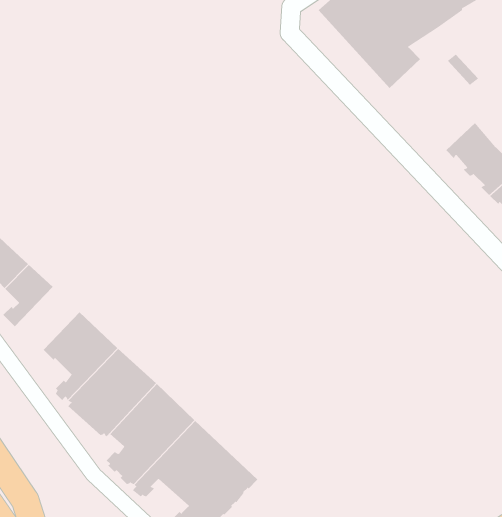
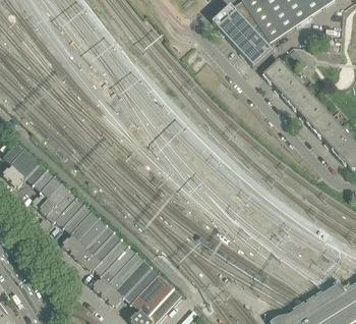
building: none -> [264,59,306,103]
building: none -> [39,182,76,220]

